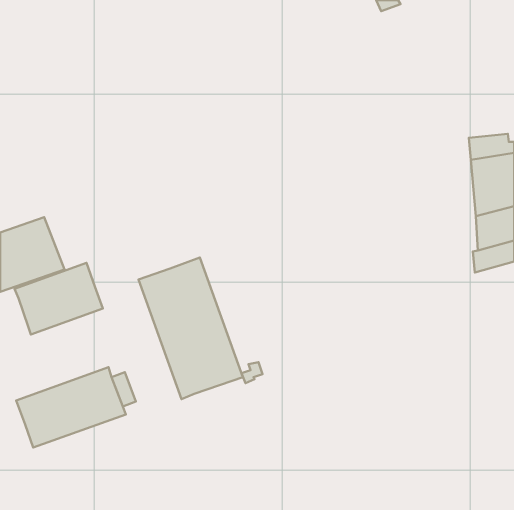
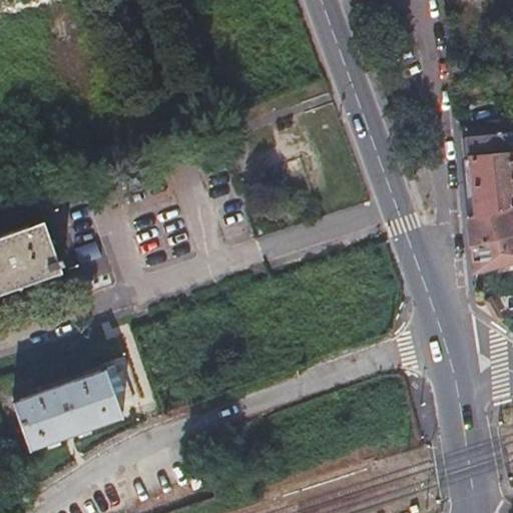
building: [139,258,243,399] -> none
building: [15,263,103,334] -> none

